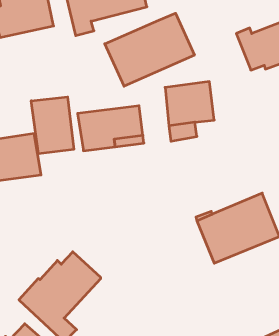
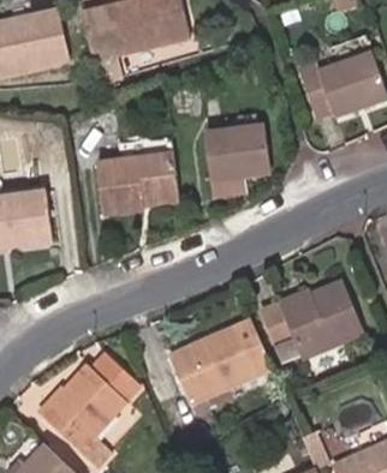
building: [105,13,194,86] -> none
building: [31,97,74,154] -> none
building: none -> [160,307,263,395]

